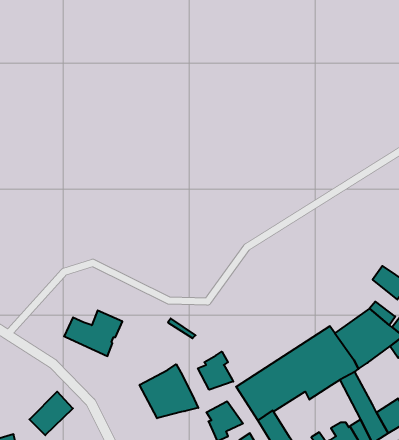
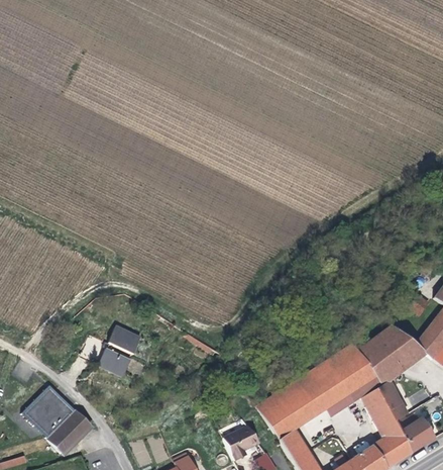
building: [198,352,233,390] -> none
building: none -> [377,380,410,422]
building: [140,364,198,418] -> none
building: none -> [22,387,74,438]

